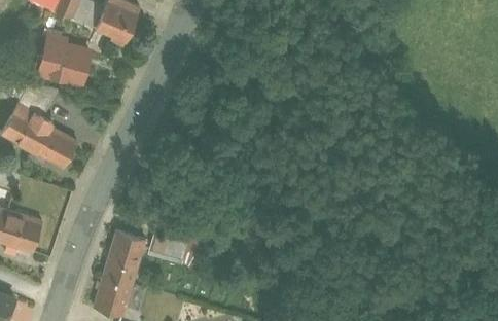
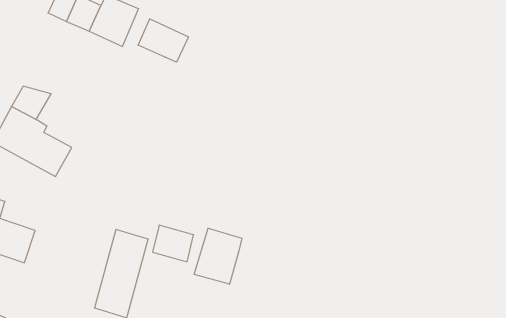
building: none -> [138,19,189,62]
building: [37,36,88,90] -> none
building: none -> [194,228,242,284]

